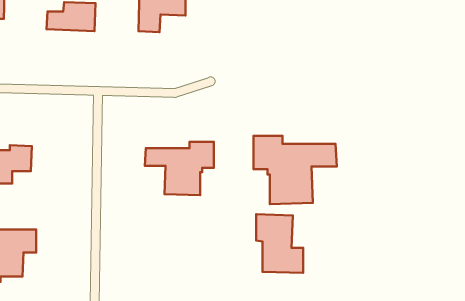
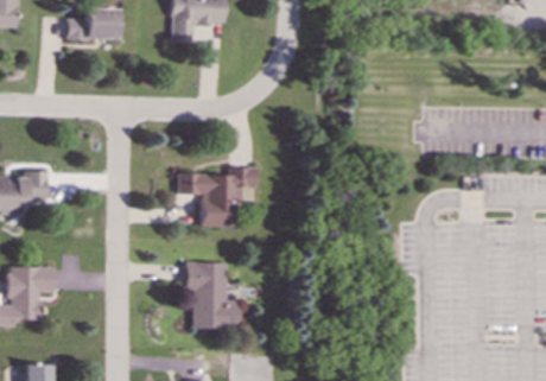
building: [254,136,337,204] -> none
building: [256,214,303,273] -> [185,262,239,329]

